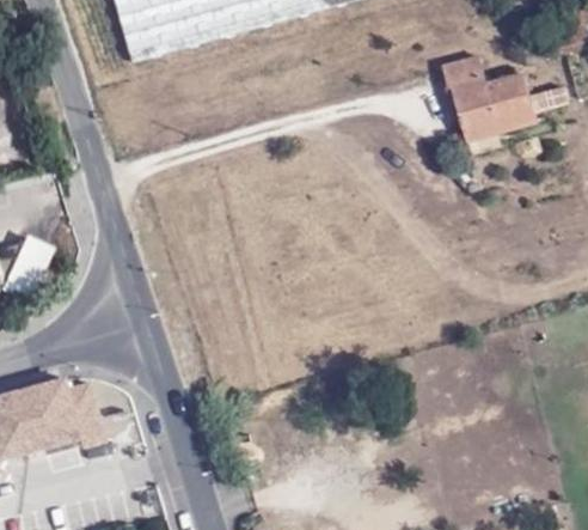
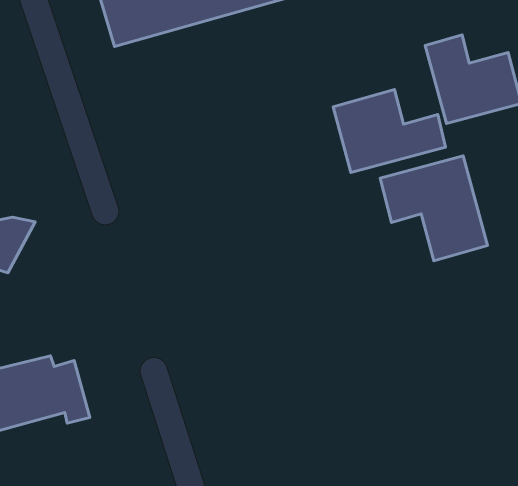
building: none -> [333,90,446,173]
building: none -> [380,156,487,261]

